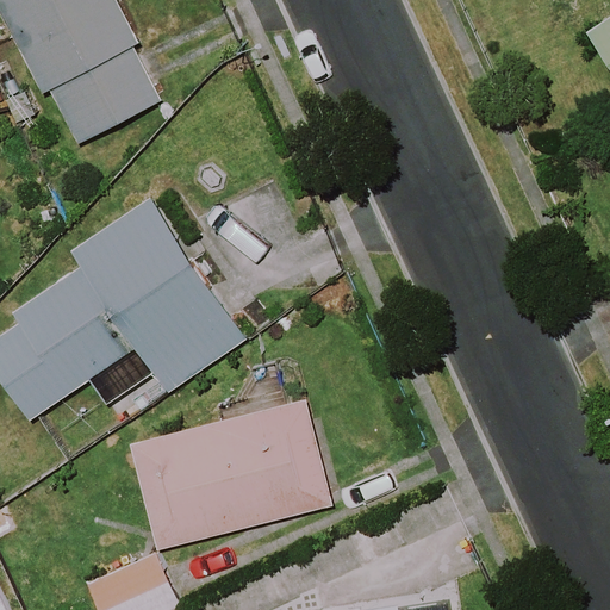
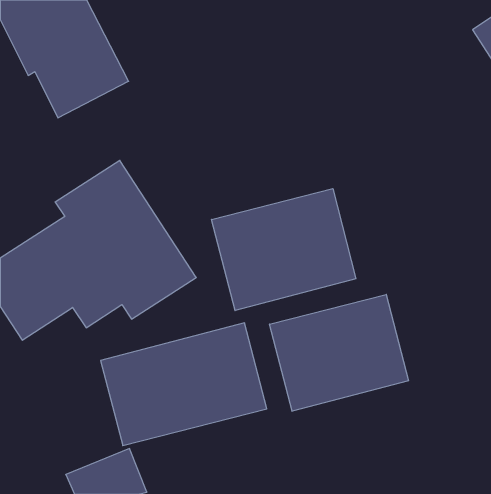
building: none -> [212,189,356,311]
building: none -> [270,294,408,411]

